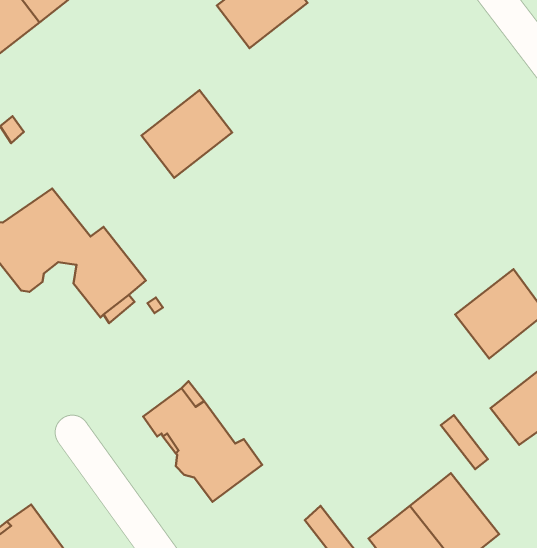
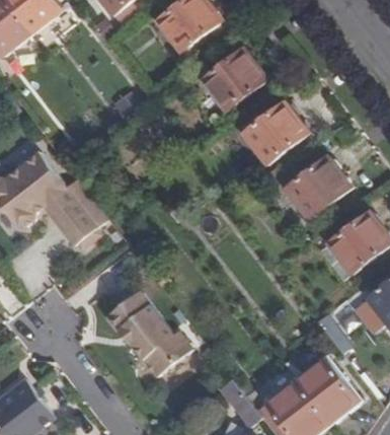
building: [141,90,232,178] -> [202,48,266,111]
building: none -> [242,100,307,163]
building: none -> [285,155,349,218]

